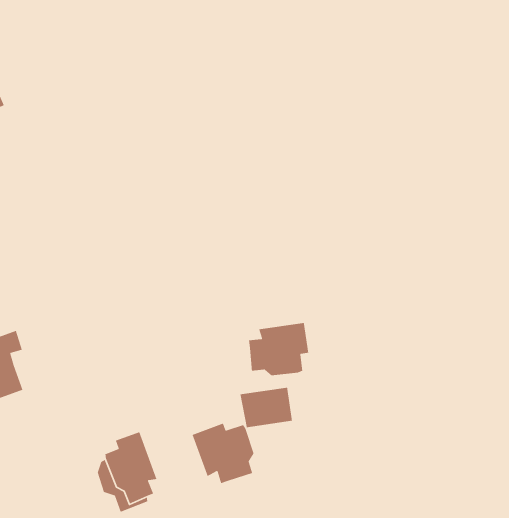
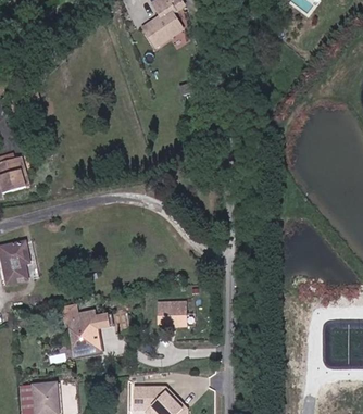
building: [248,322,309,376] -> none
building: [192,423,254,484] -> none

